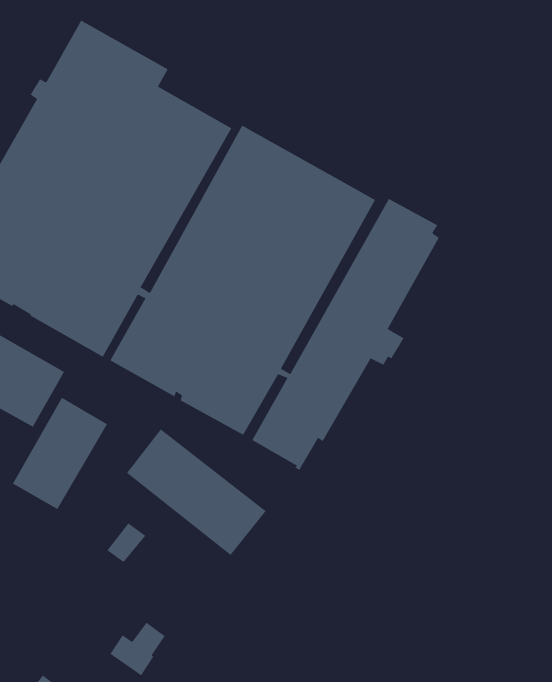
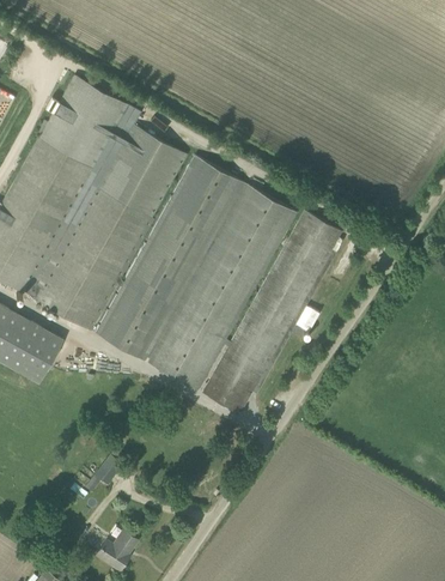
building: [12,397,108,510] -> none
building: [126,429,266,556] -> none

